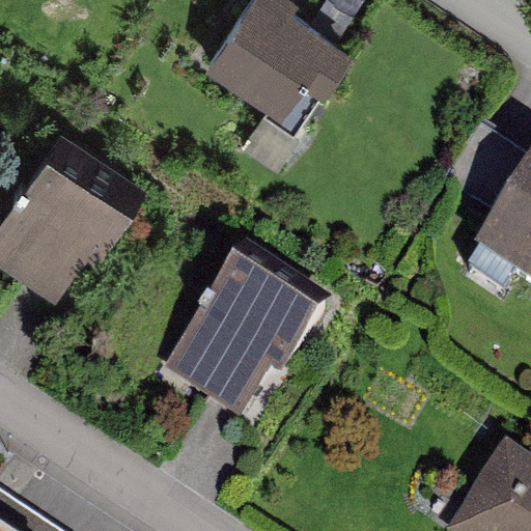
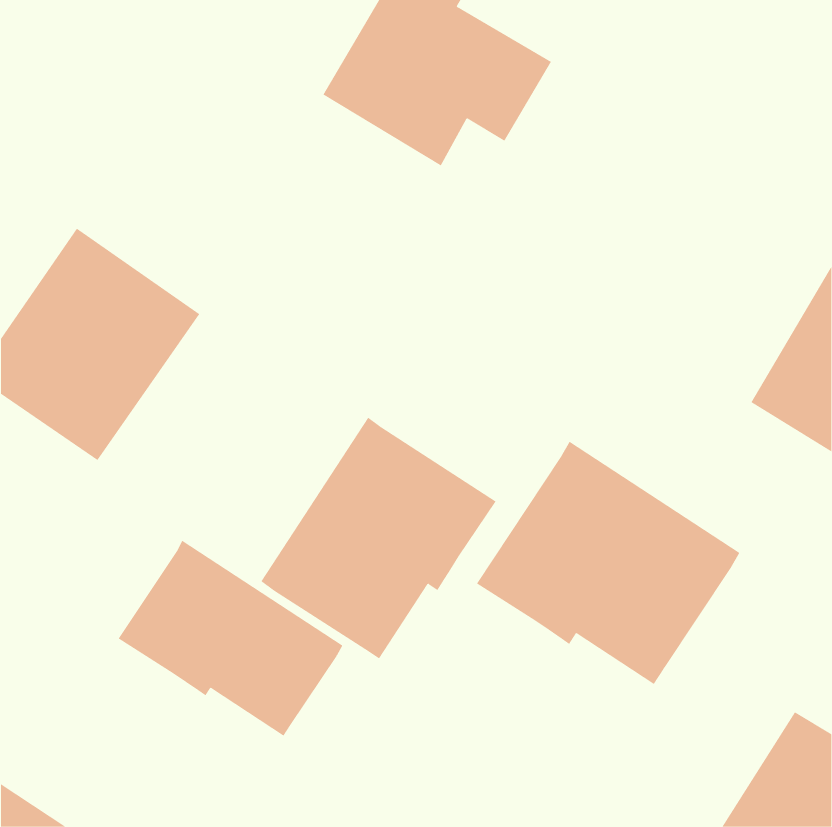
building: none -> [476,441,740,685]
building: none -> [118,540,343,737]

